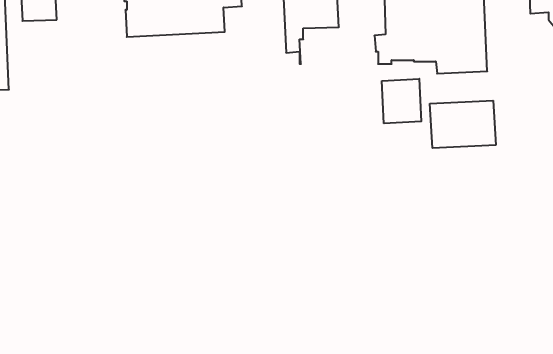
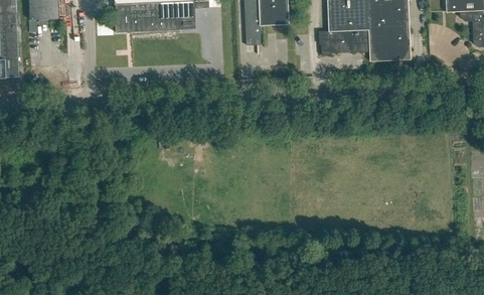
building: [382,79,421,123] -> none
building: [430,101,496,148] -> none

